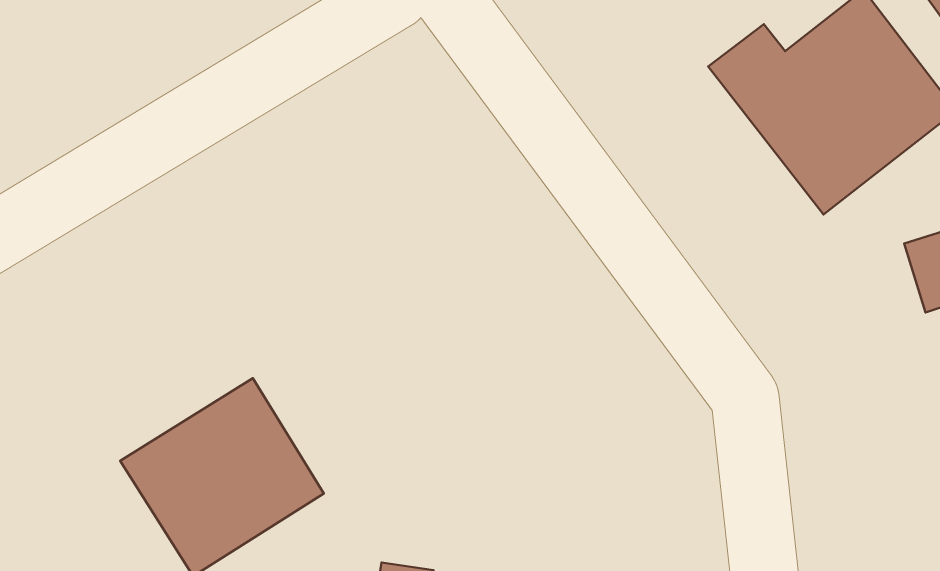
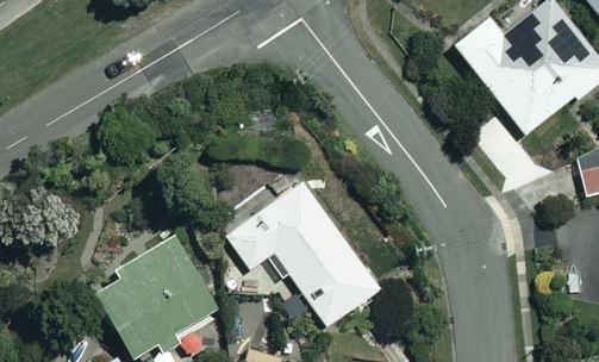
building: none -> [227,180,379,324]

